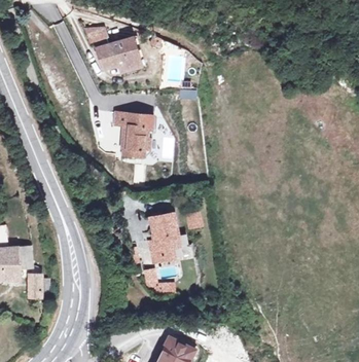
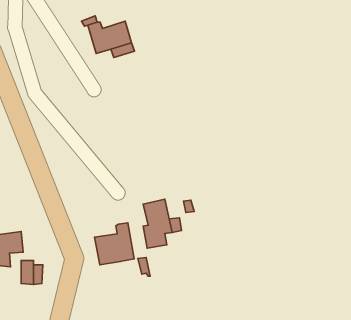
building: [119,113,153,156] -> none
building: none -> [94,223,134,265]

